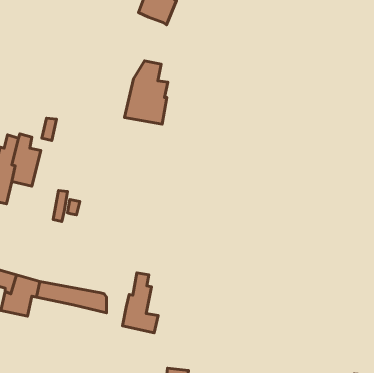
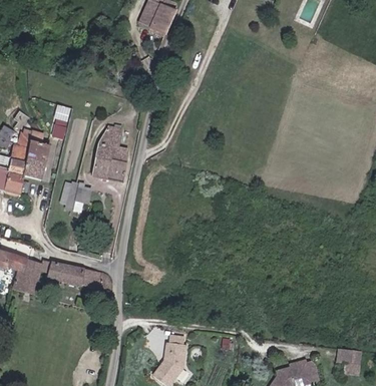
building: [124,61,168,124] -> [89,125,128,182]
building: [123,273,158,333] -> none

